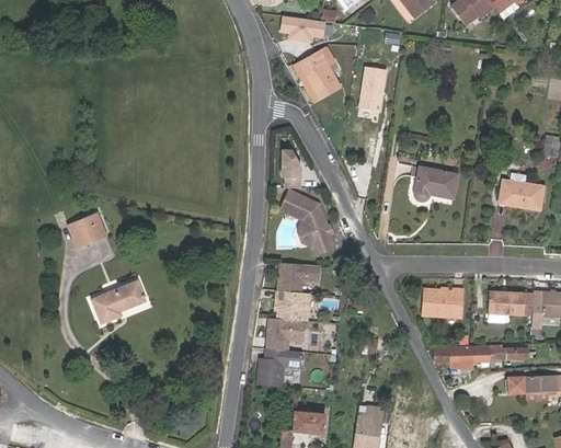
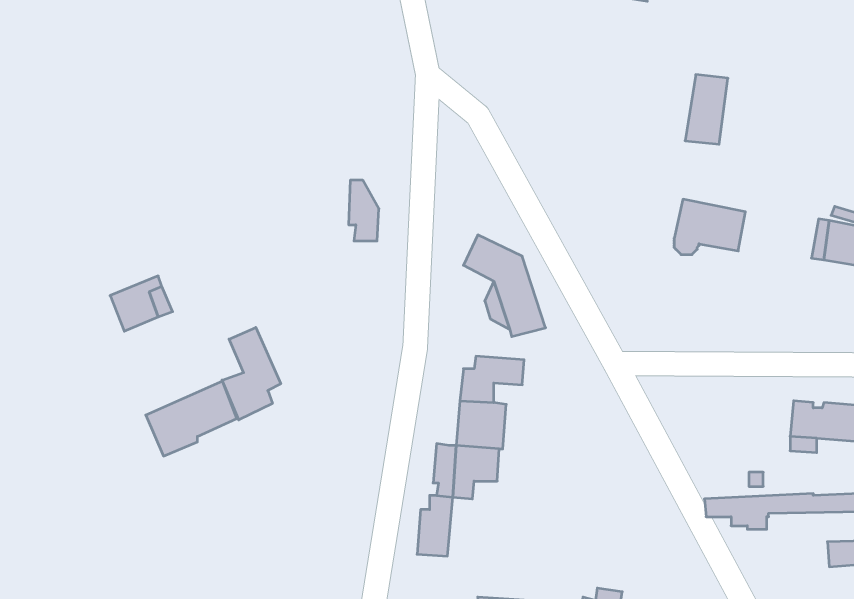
building: [298,51,341,99] -> none
building: [360,67,387,110] -> [685,75,728,144]
building: [284,149,302,186] -> [349,180,379,241]
building: none -> [222,327,281,420]
building: [422,291,460,317] -> none
building: [276,349,302,386] -> none

